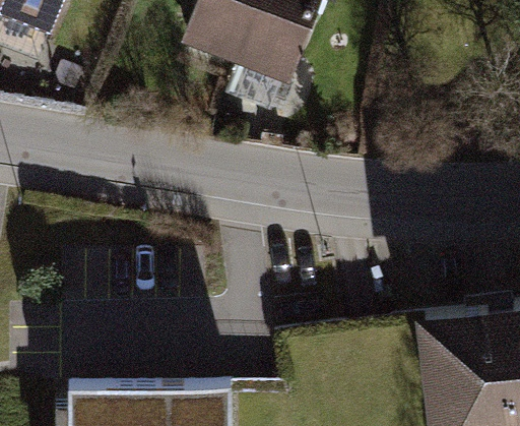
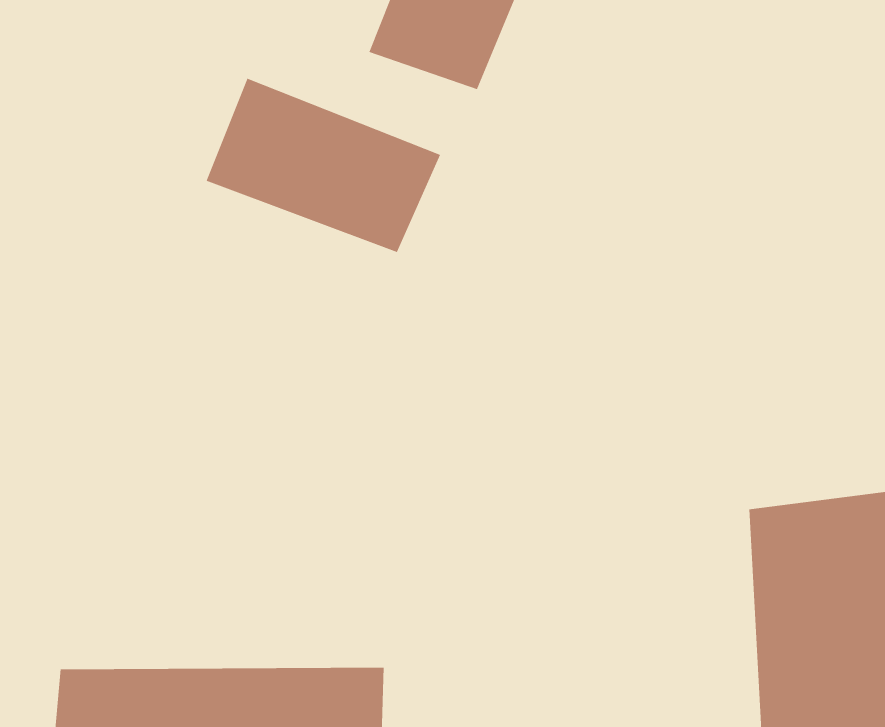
building: none -> [206,78,441,253]

